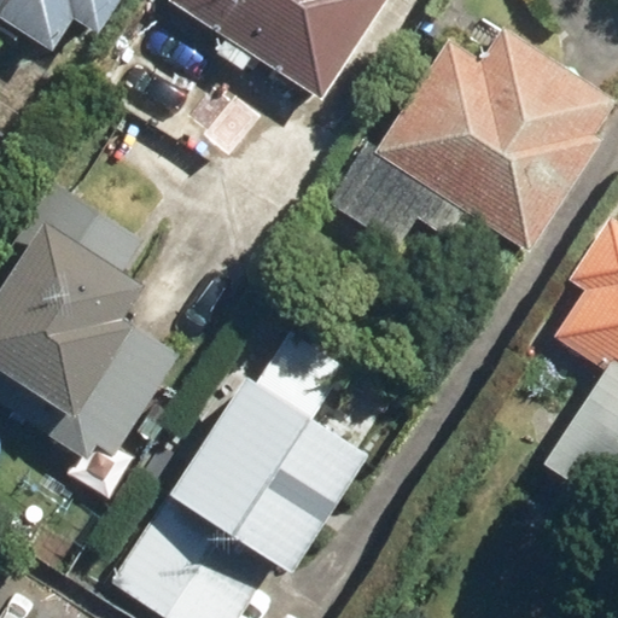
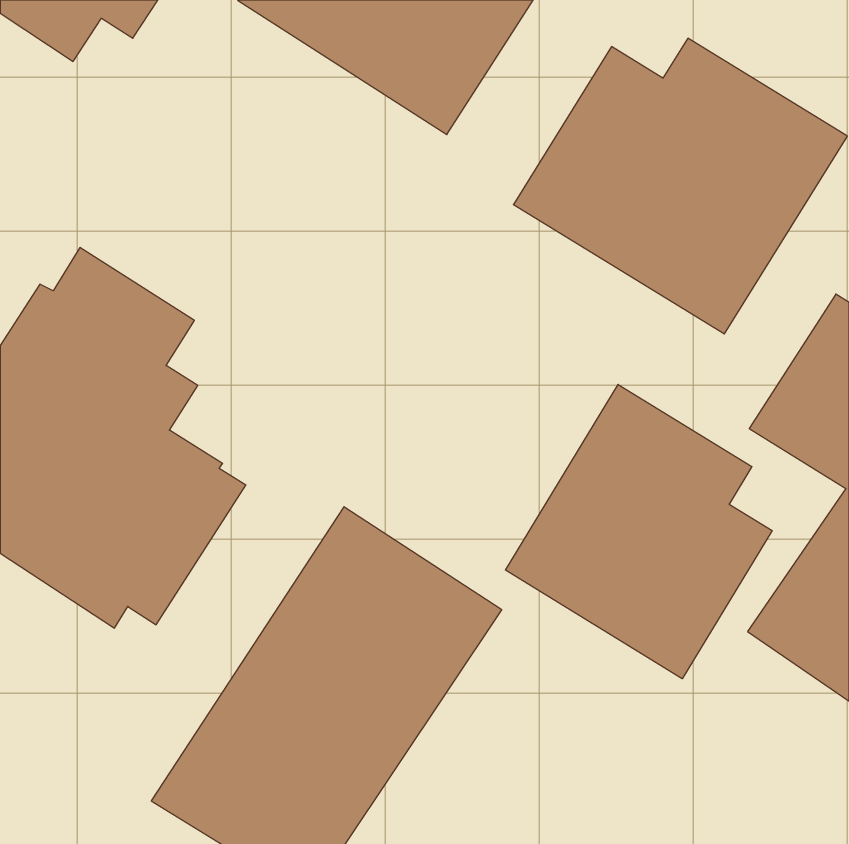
building: none -> [505,384,772,679]

